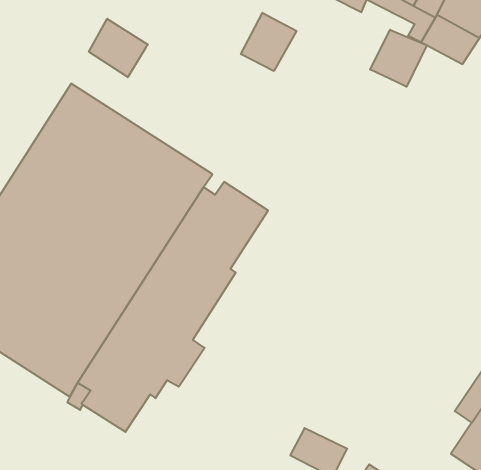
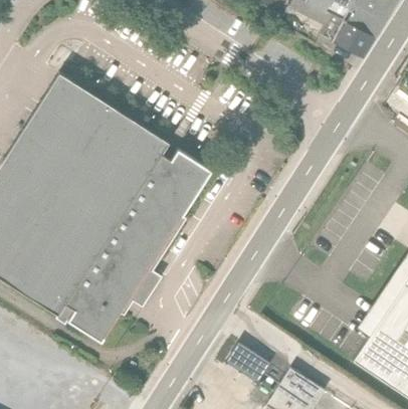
building: [241,13,296,71] -> none
building: [89,19,148,77] -> none
building: [370,30,427,87] -> none

